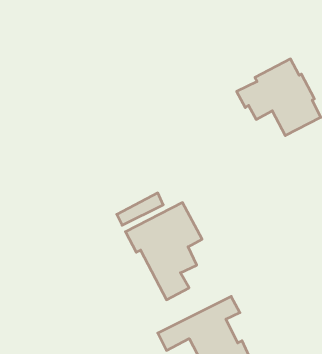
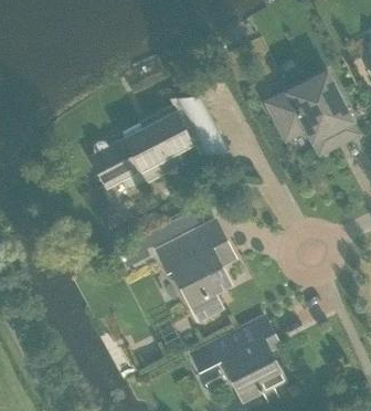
building: none -> [88,96,229,192]

